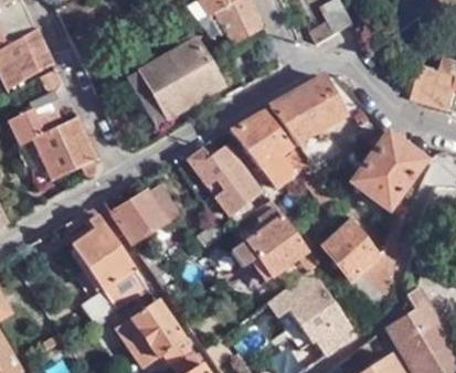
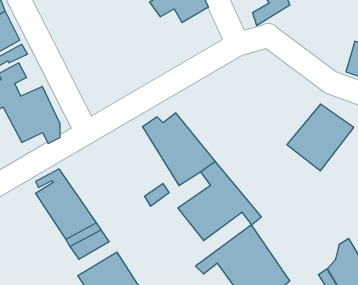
building: [125,34,221,121] -> none
building: [267,76,346,146] -> none
building: [229,109,294,186] -> none
building: [110,184,176,243] -> none
building: [320,220,399,294] -> none

